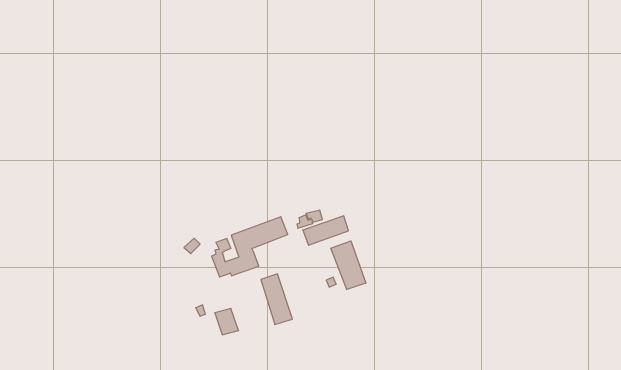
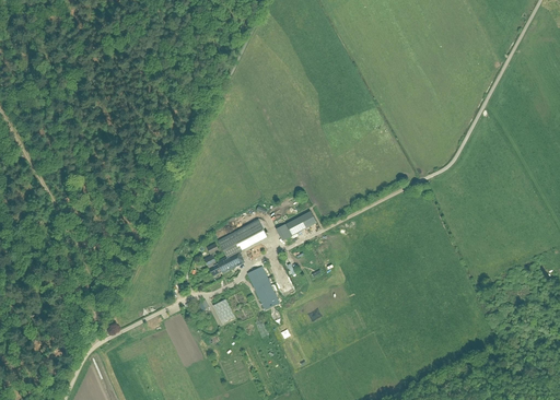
building: [331,241,366,290] -> none

